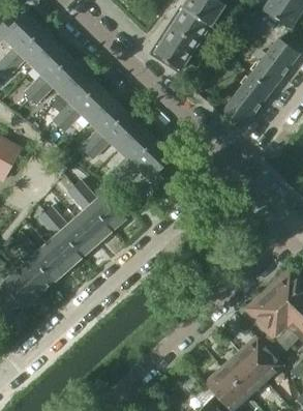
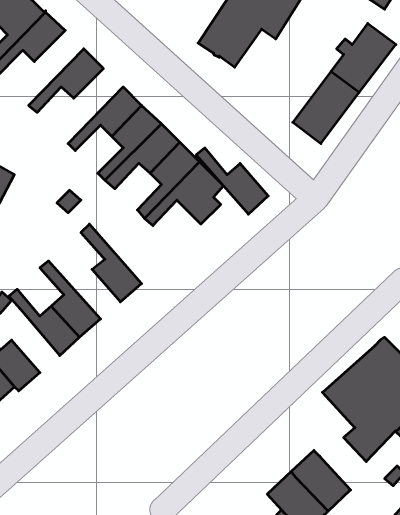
building: [24,45,69,99] -> none
building: [52,72,98,127] -> none
building: [73,181,126,230] -> [196,148,268,214]
building: [43,207,96,256] -> none
building: [17,248,52,295] -> none
building: [238,337,281,381] -> none

